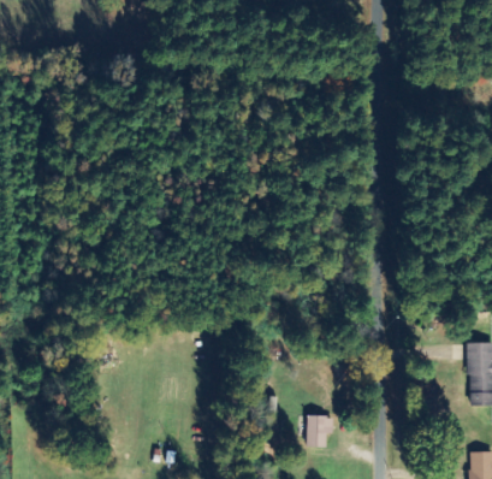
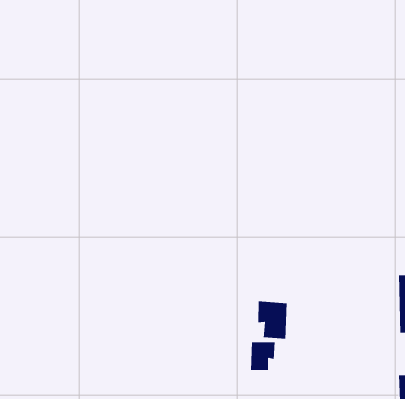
building: none -> [258,301,287,340]

